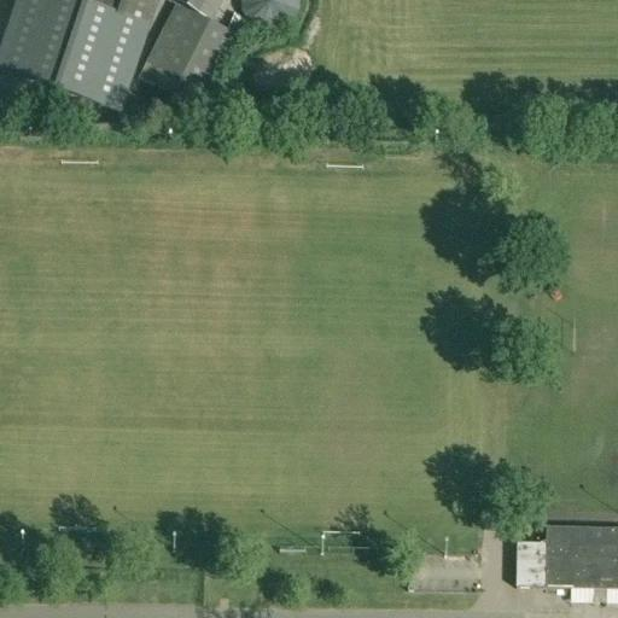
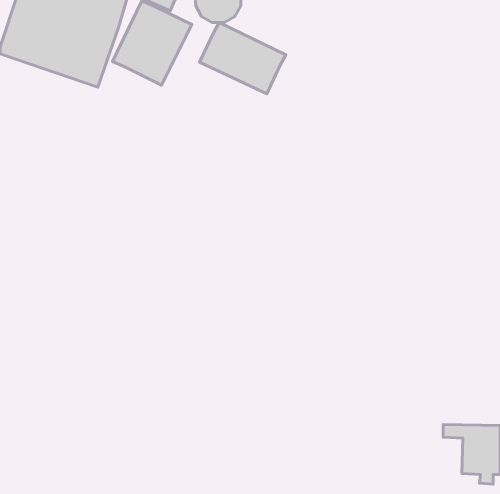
building: none -> [199,22,286,94]
building: [517,540,571,584] -> none

